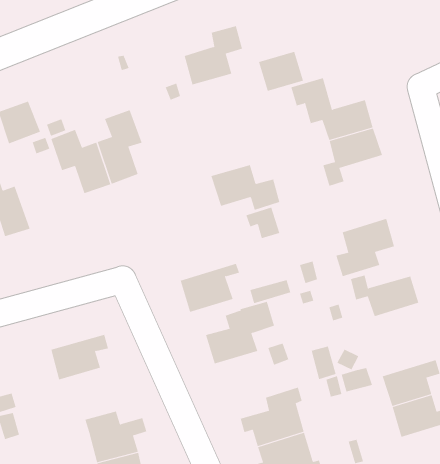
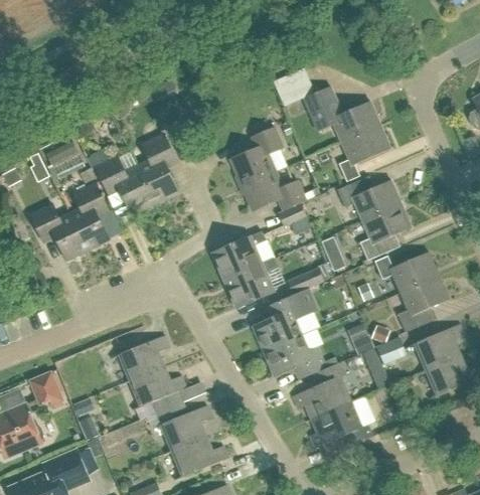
building: [184,25,243,85] -> [230,127,282,184]
building: none -> [69,183,109,250]
building: none -> [336,176,401,220]
building: none -> [212,230,273,280]
building: none -> [396,275,449,331]
building: none -> [264,334,325,378]
building: none -> [128,365,186,412]

